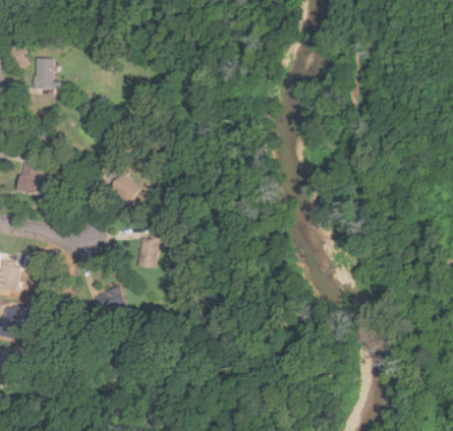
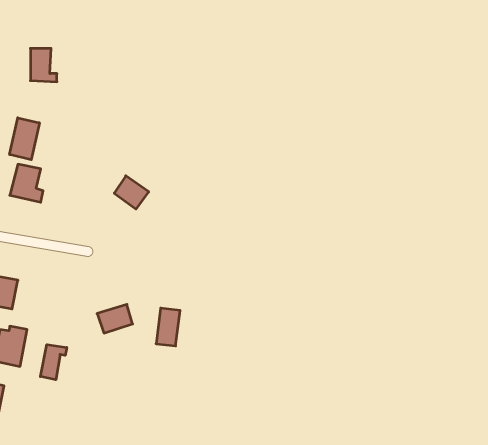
building: none -> [10,118,39,160]
building: [137,235,159,268] -> [156,308,180,346]
building: none -> [40,345,67,380]

